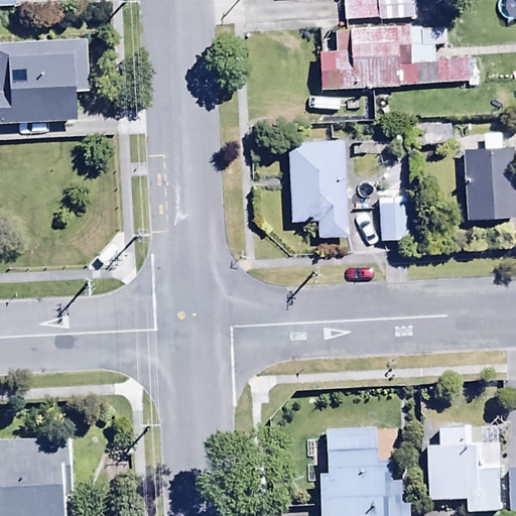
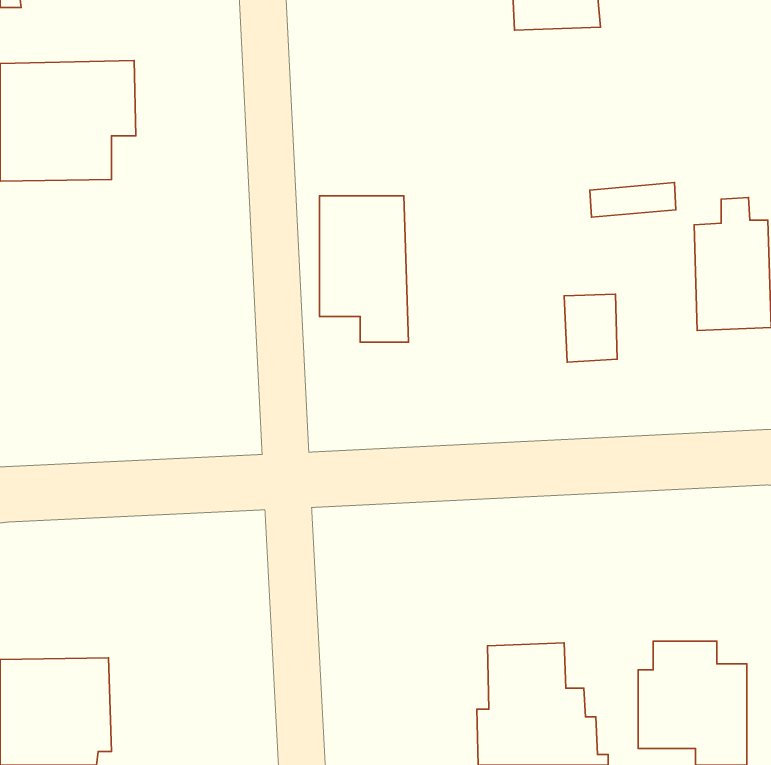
building: [318,25,467,89] -> none
building: [289,139,349,237] -> [319,196,408,342]

